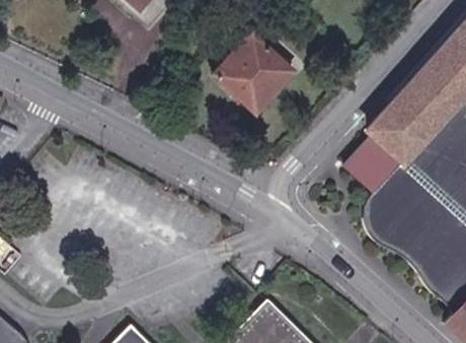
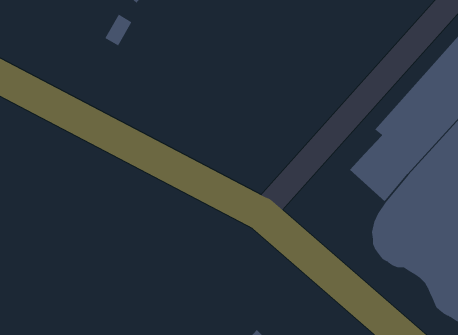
building: [215,31,296,112] -> none

